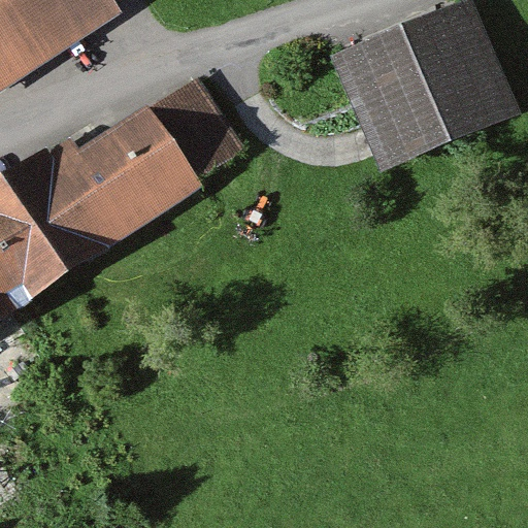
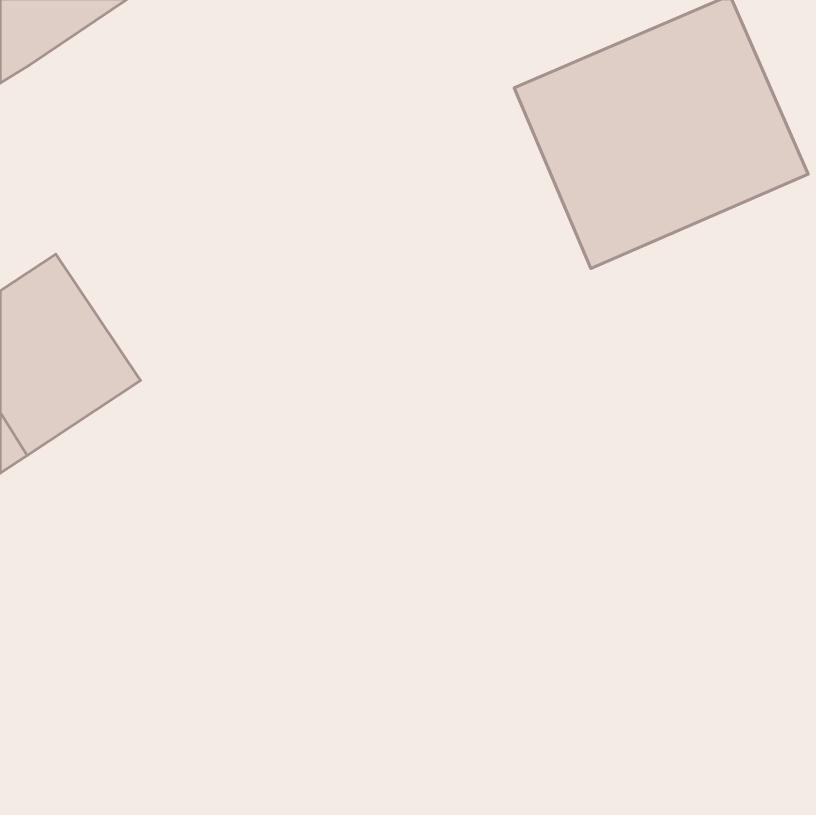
building: [36,86,228,245] -> none

